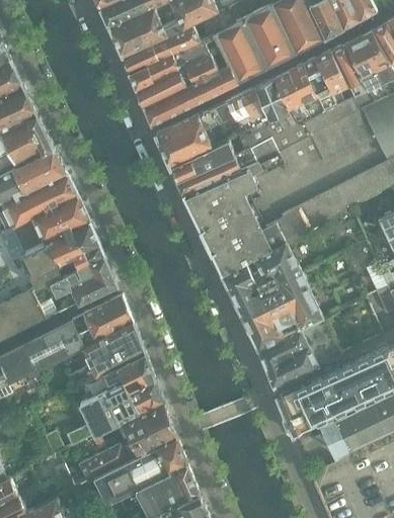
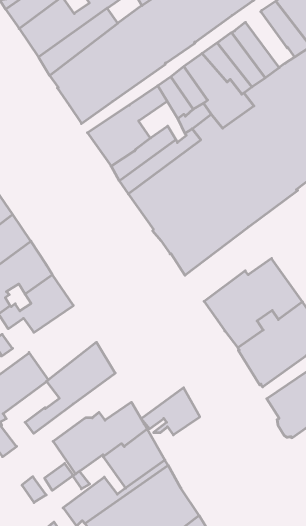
building: [313,52,346,104] -> none
building: [221,242,301,301] -> none
building: [70,295,132,348] -> none
building: [101,352,154,393] -> [141,388,200,435]

